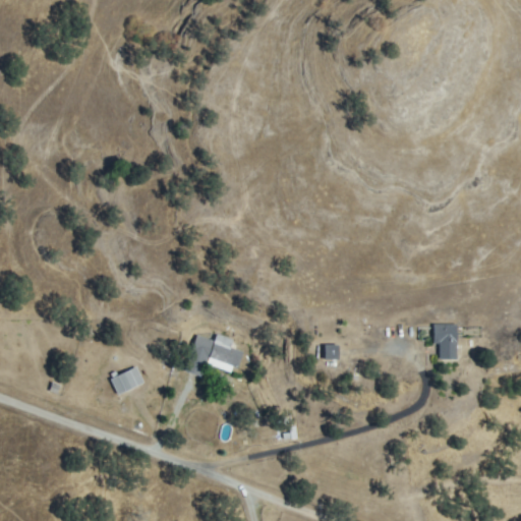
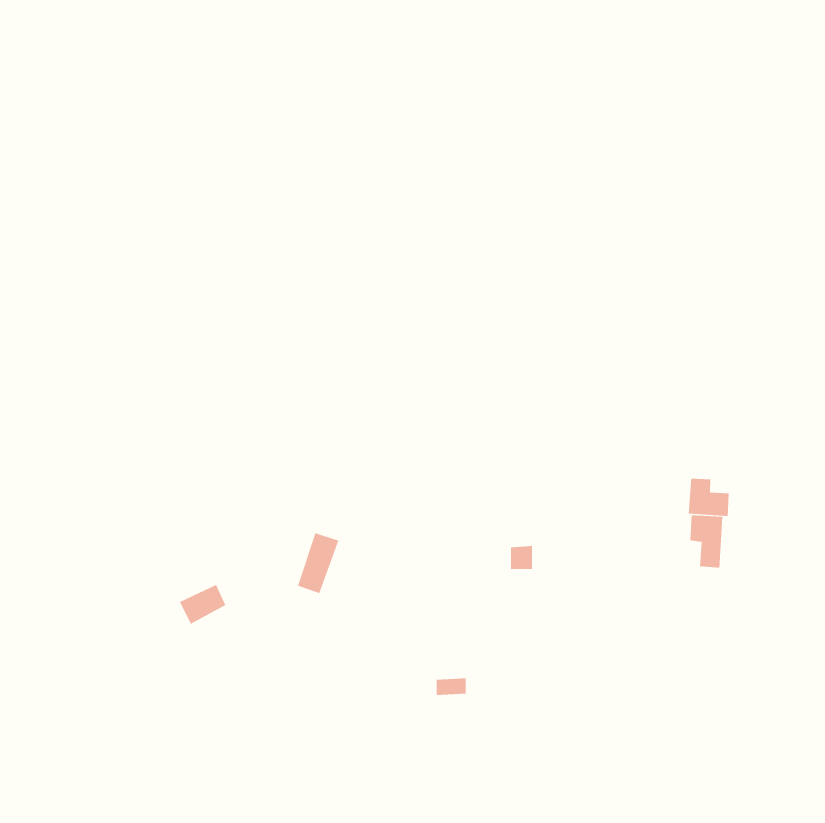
building: none -> [688,478,729,517]
building: [208,337,244,372] -> none

